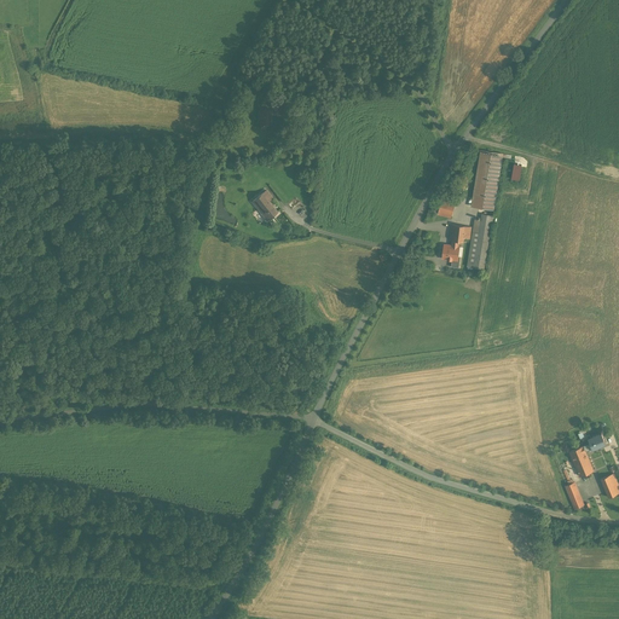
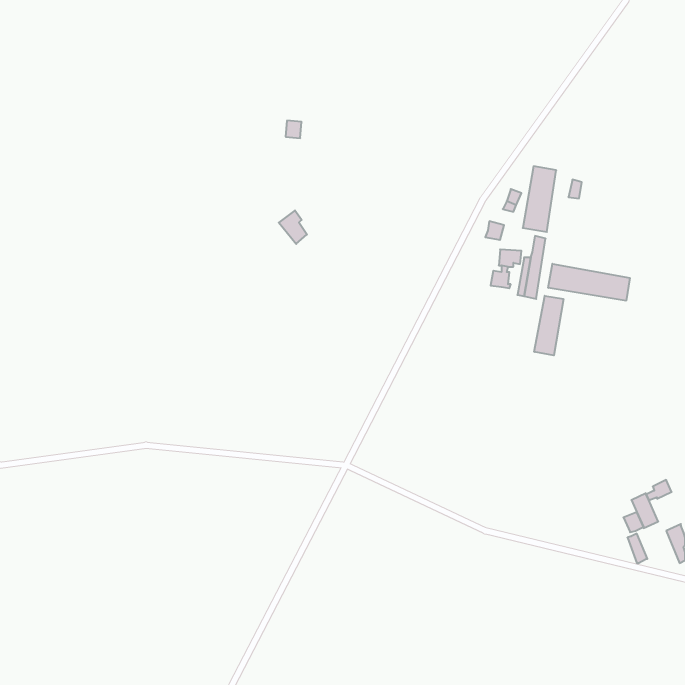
building: none -> [548,264,630,301]
building: none -> [534,296,563,355]

